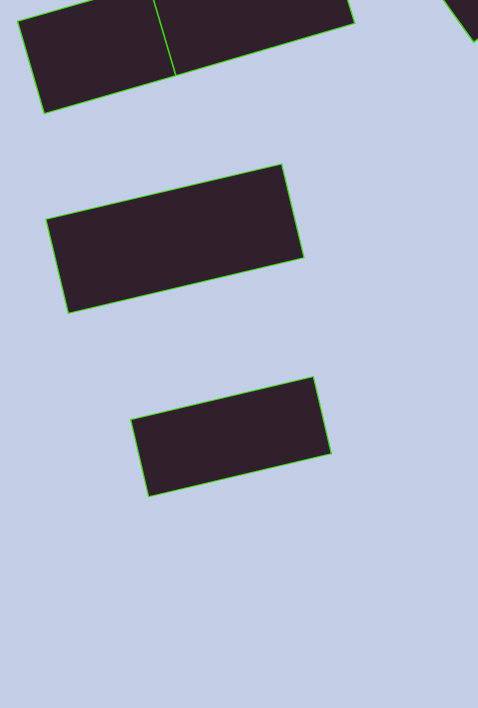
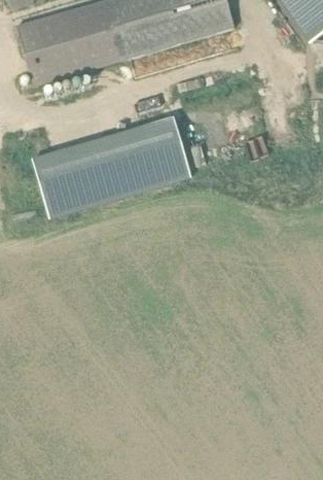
building: [131,377,331,497] -> none

